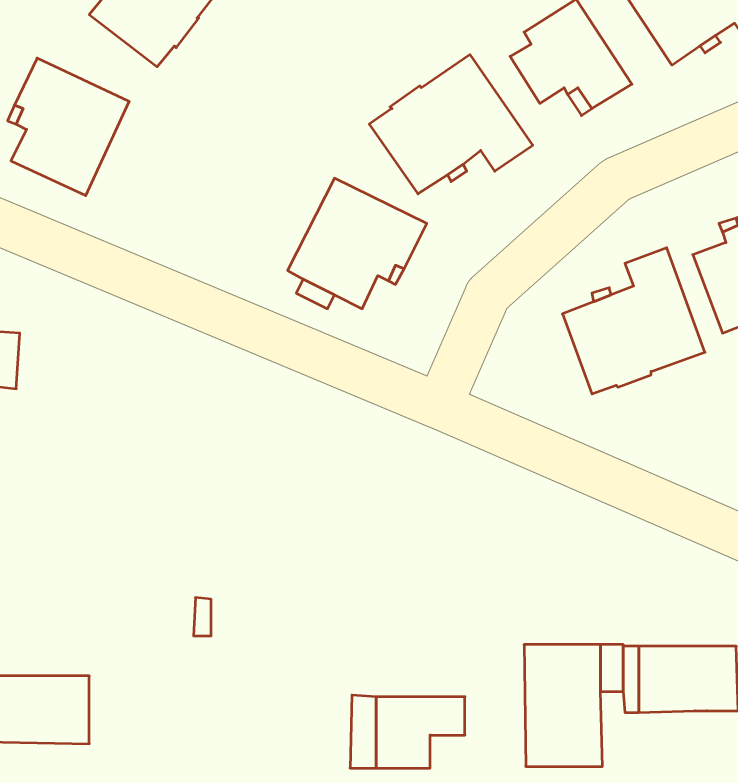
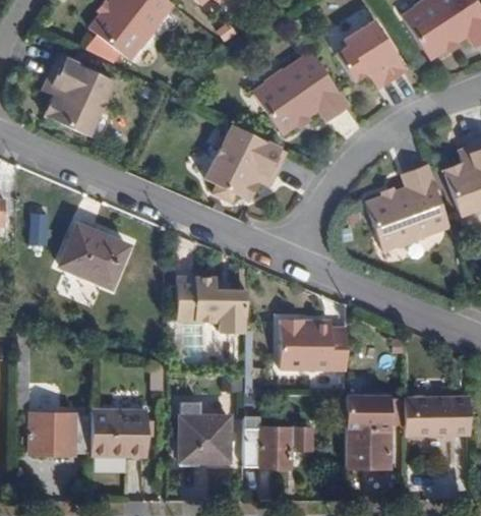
building: none -> [57,222,129,289]
building: none -> [176,277,244,331]
building: none -> [281,321,347,371]
building: none -> [180,401,230,461]
building: none -> [91,410,146,456]

